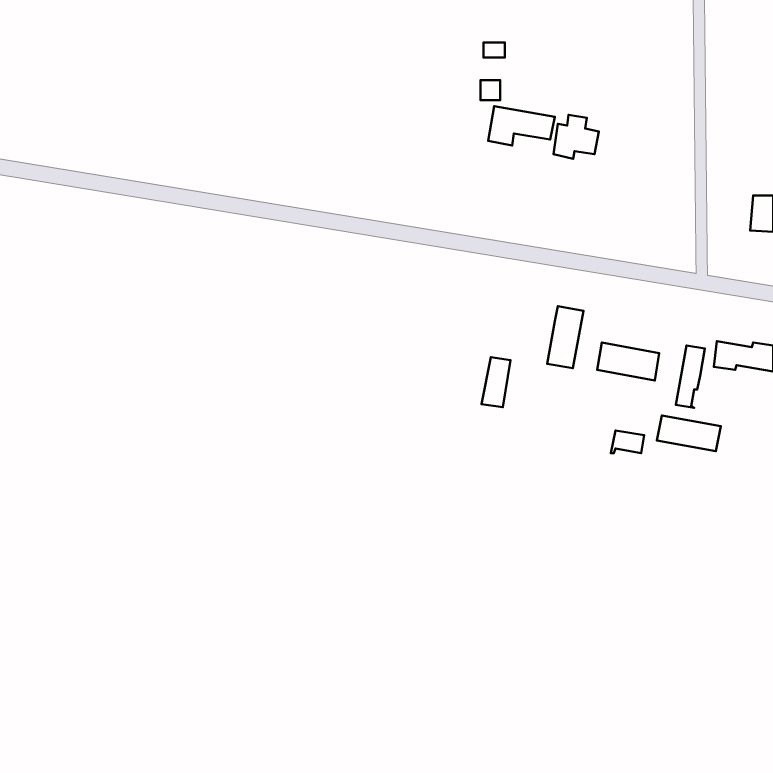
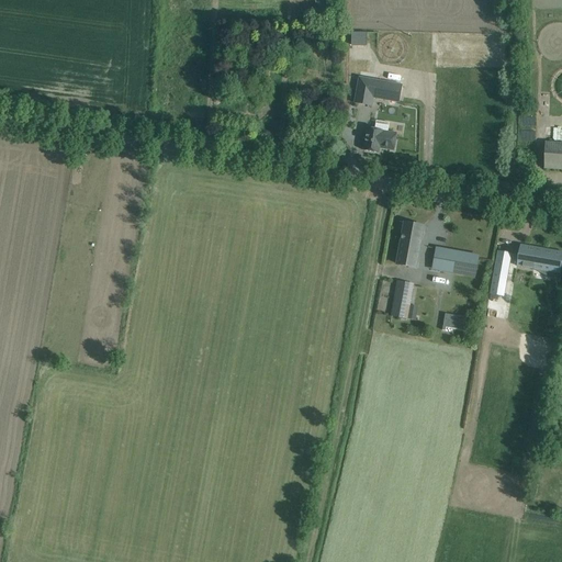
building: [553,115,599,159] -> [363,121,396,153]
building: [482,357,510,407] -> [391,281,412,317]
building: [657,416,721,451] -> none

